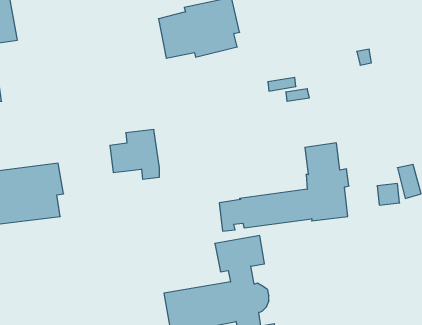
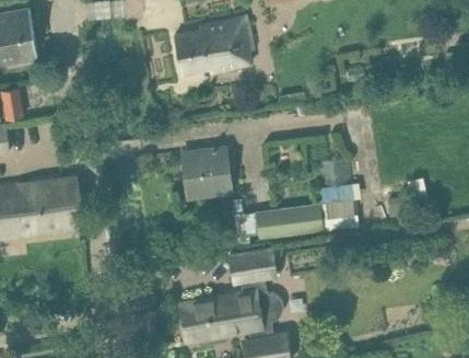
building: [110,130,159,179] -> [183,148,231,196]

